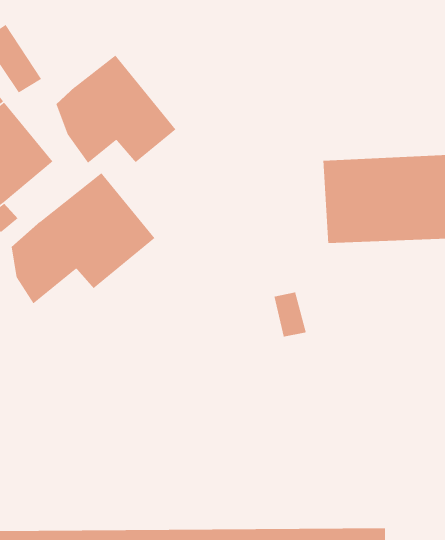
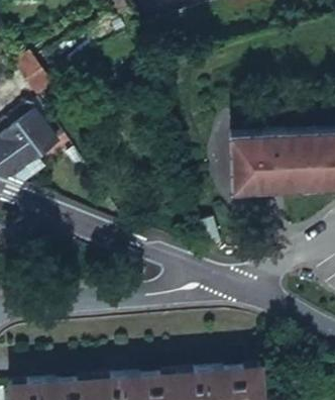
building: [55,55,177,164] -> none
building: [11,172,156,304] -> none

